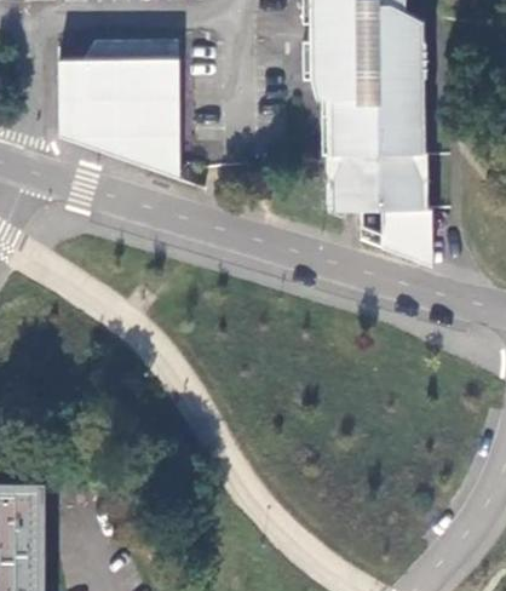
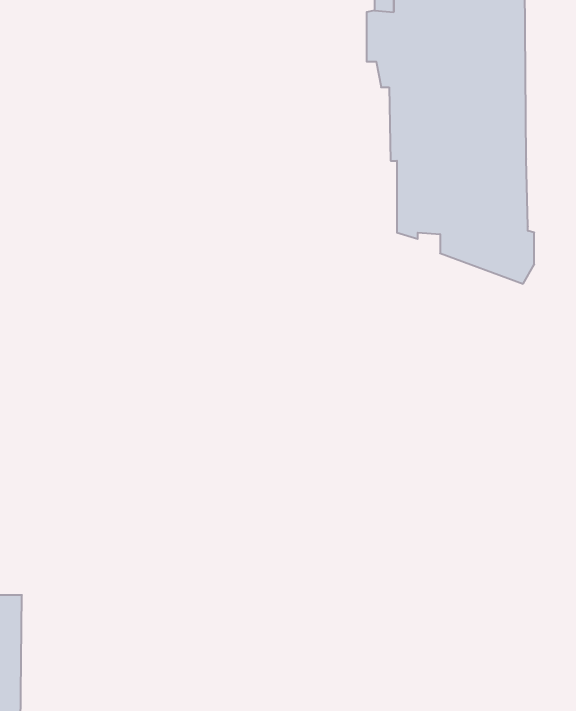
building: [59,40,179,179] -> none

